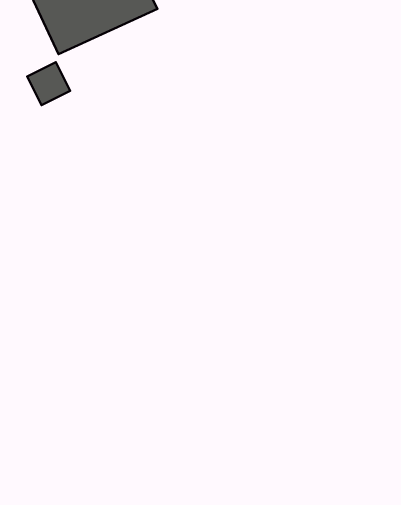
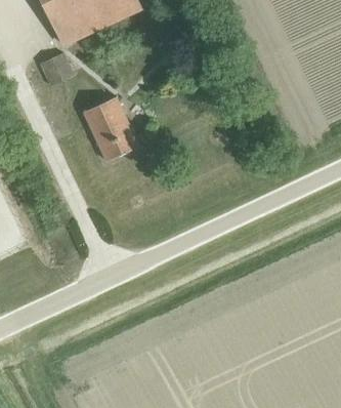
building: none -> [83,96,139,161]

